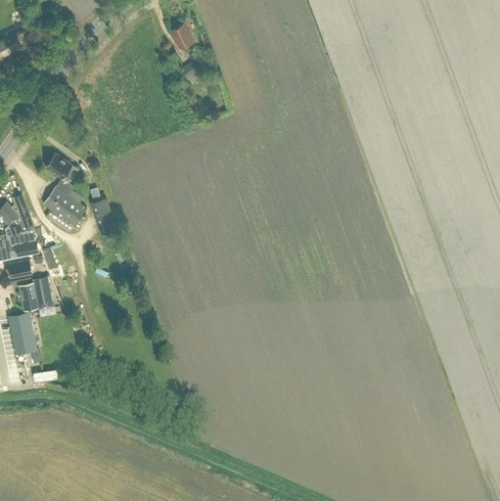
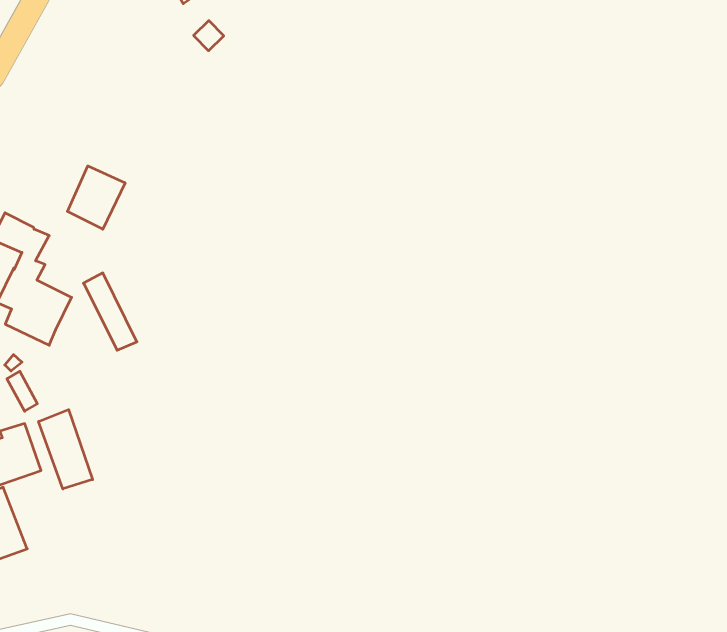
building: none -> [67,166,125,229]
building: none -> [39,410,93,489]

